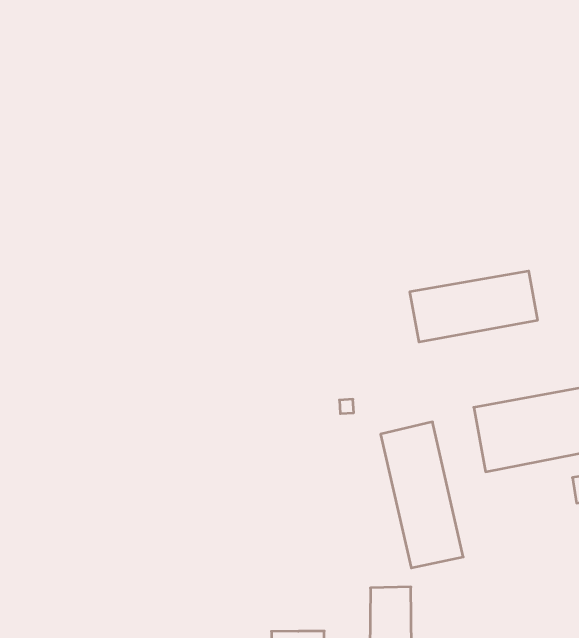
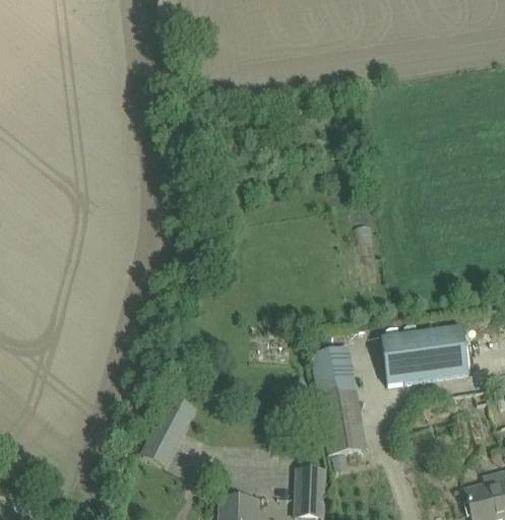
building: [410,271,537,342] -> none
building: none -> [142,395,194,466]

